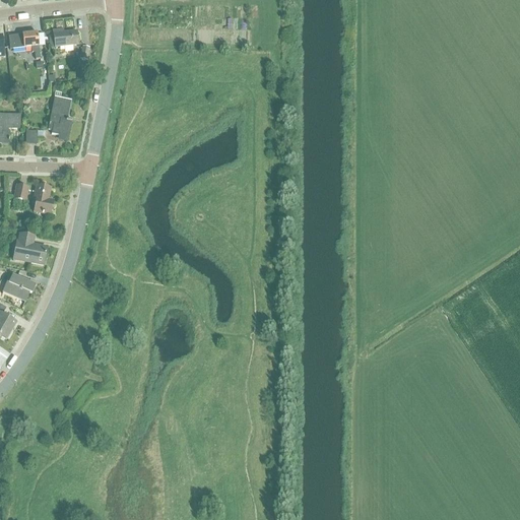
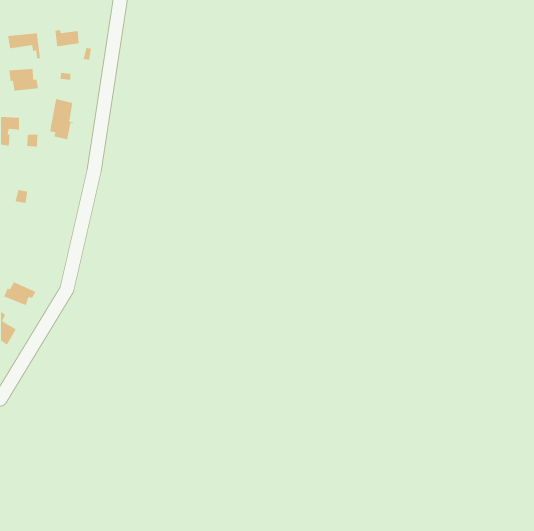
building: none -> [9,68,39,91]
building: [34,184,54,212] -> none
building: [14,232,47,263] -> none

